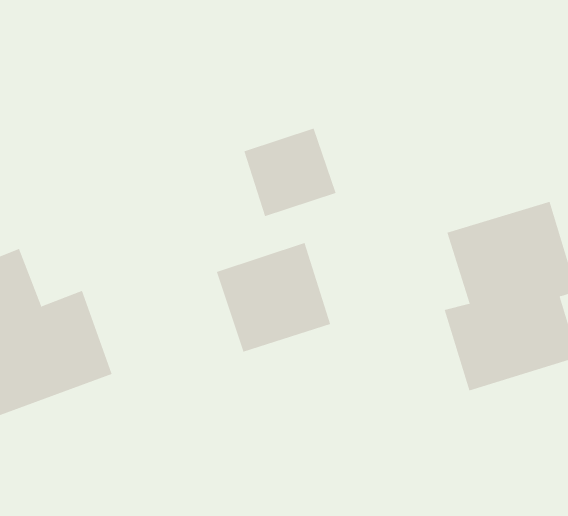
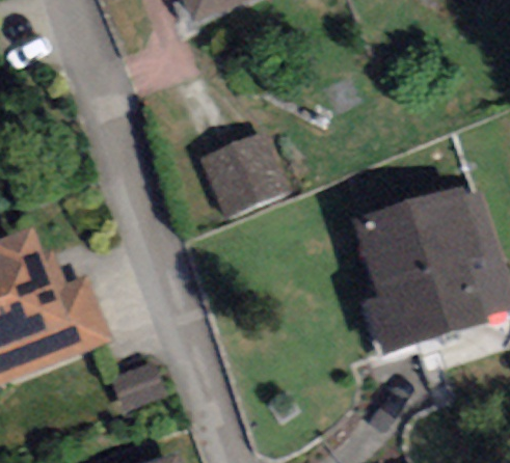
building: [216,242,331,352] -> none

